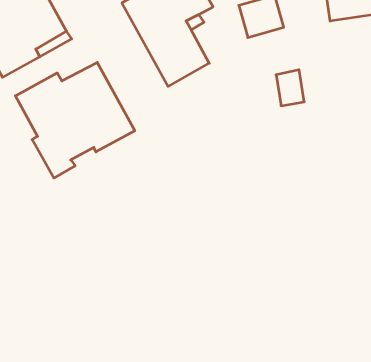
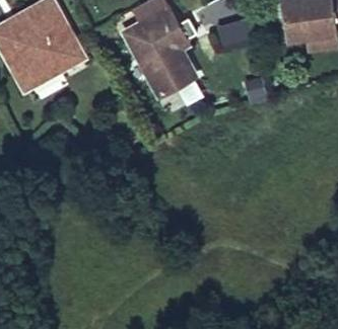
building: [15,62,135,178] -> none

